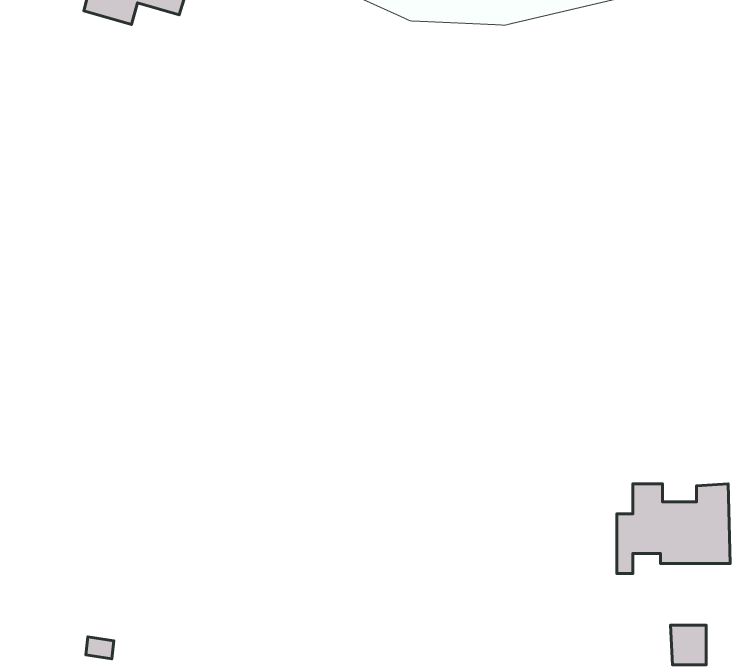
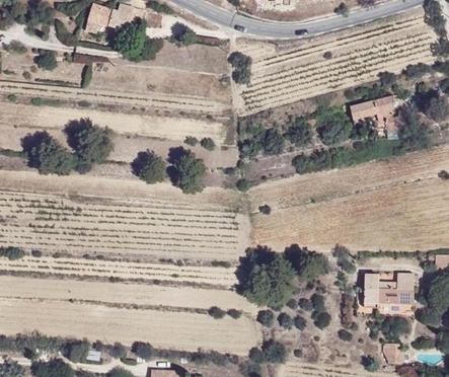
building: none -> [349,94,397,127]

